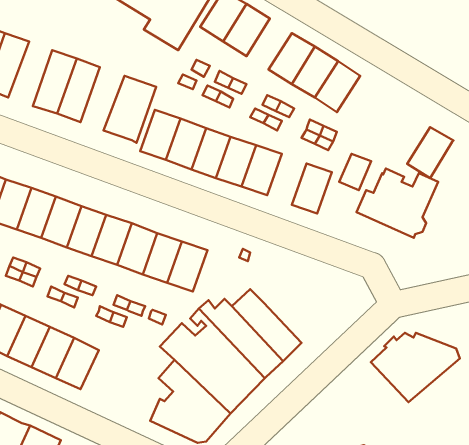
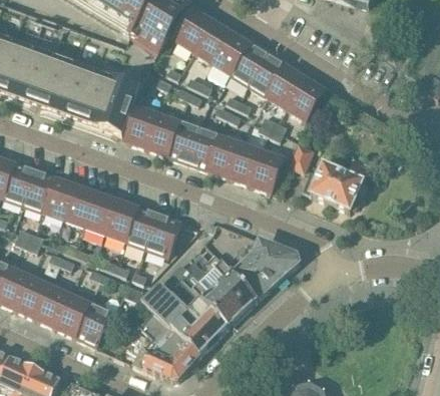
building: none -> [212,31,250,73]
building: none -> [17,50,53,103]
building: none -> [76,71,112,123]
building: [407,127,454,178] -> [287,78,325,120]
building: none -> [230,142,262,184]
building: [371,333,460,402] -> [227,241,300,298]
building: none -> [76,304,111,345]

